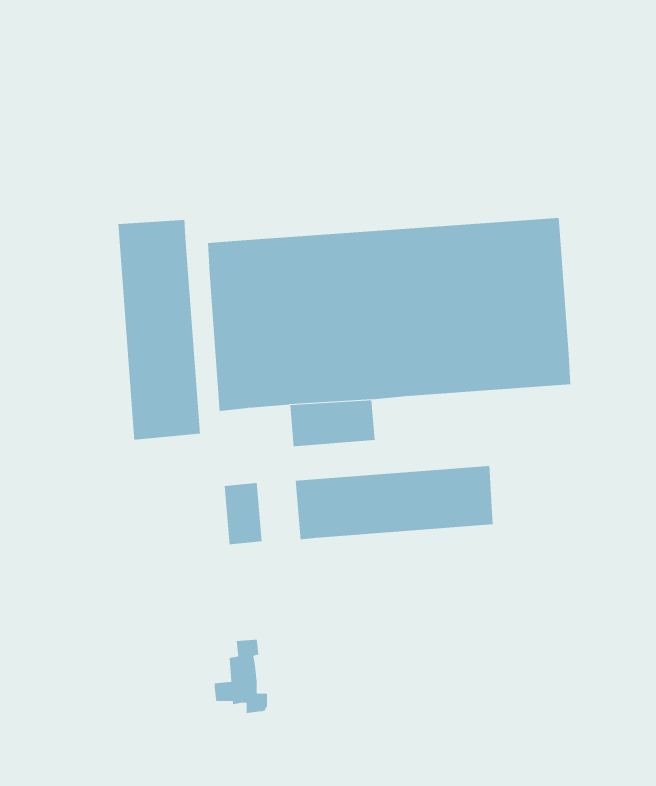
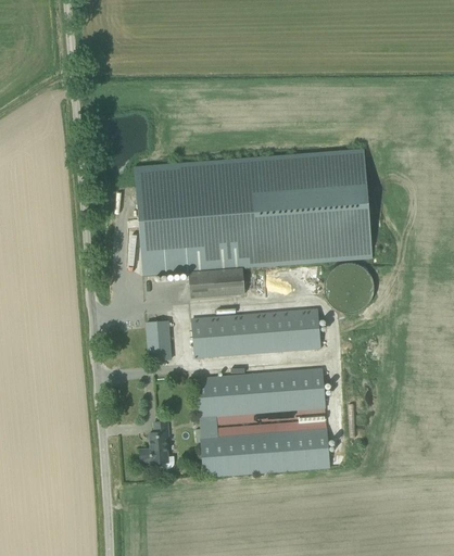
building: [118,219,201,440] -> none
building: none -> [197,369,330,477]

